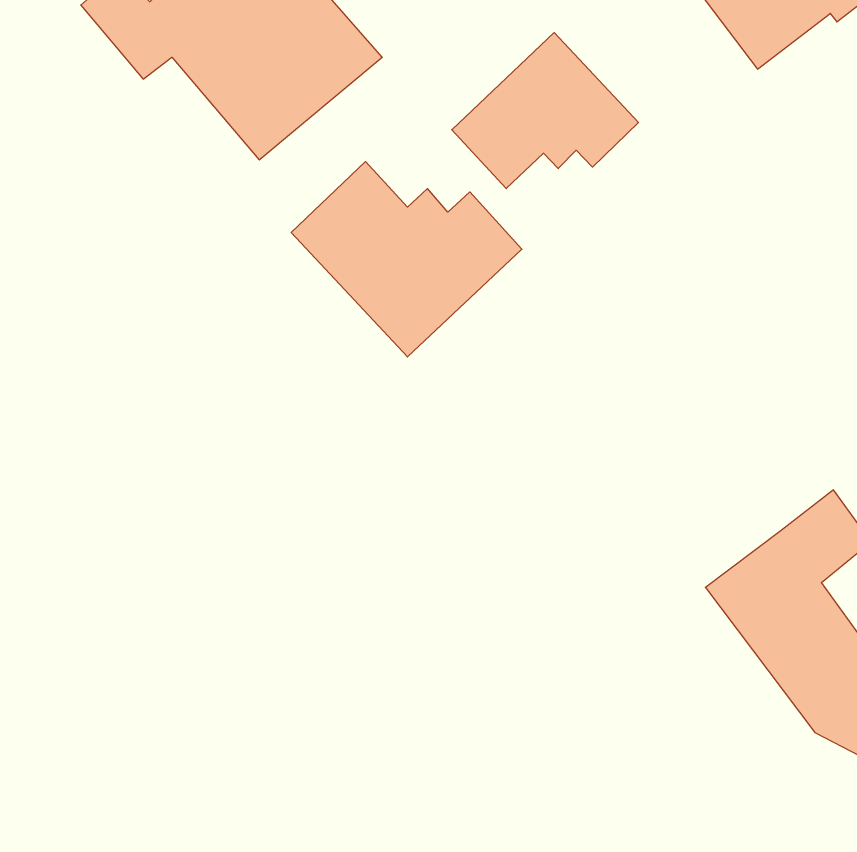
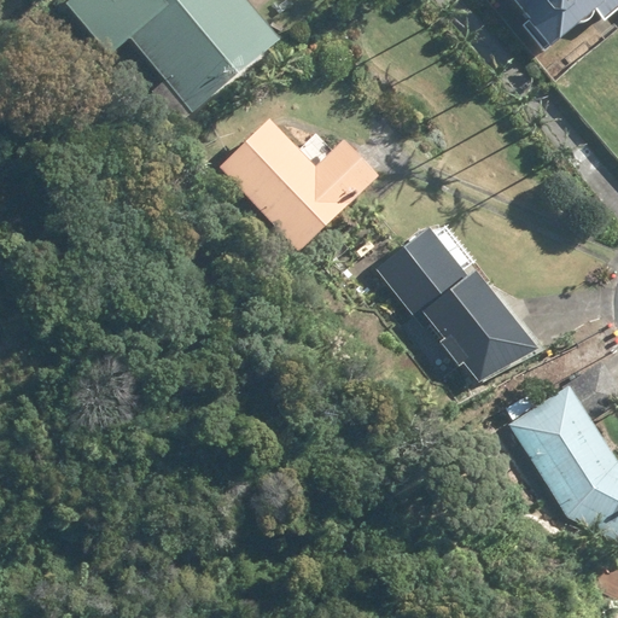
building: [452,33,638,189] -> none
building: none -> [378,220,543,381]

